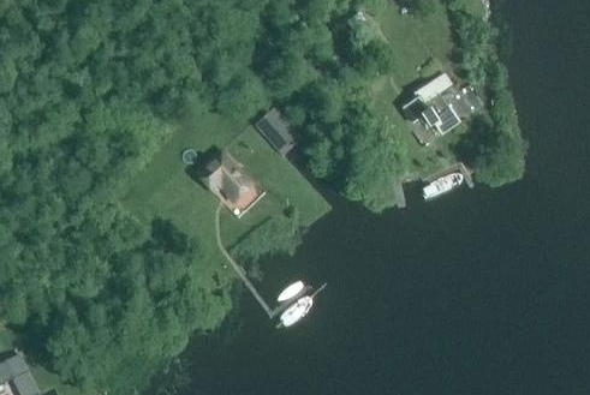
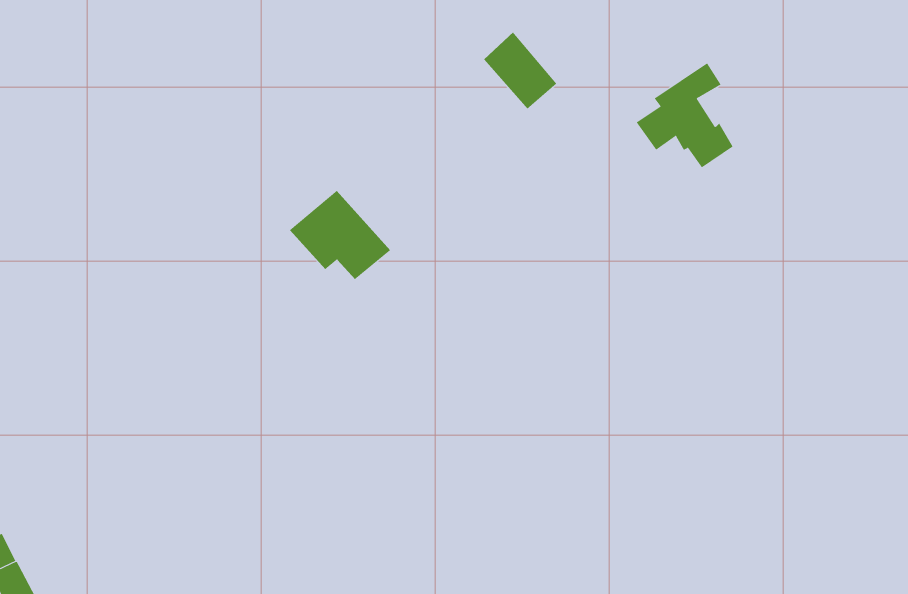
building: [257,107,302,154] -> [483,32,557,109]

